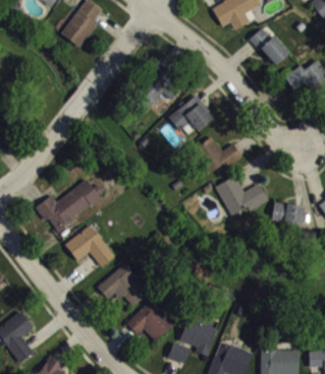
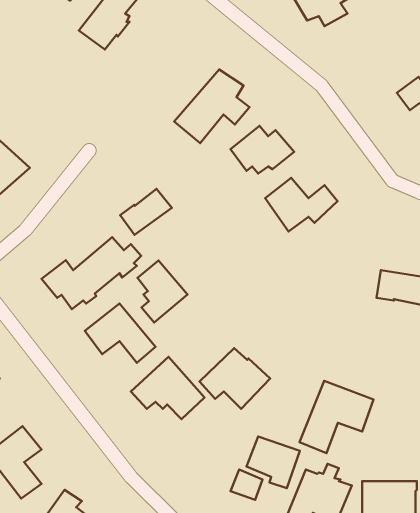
building: [249,28,288,64] -> none
building: none -> [120,189,172,235]
building: [215,174,270,216] -> none
building: none -> [138,261,188,322]
building: none -> [299,381,373,453]
building: [126,299,176,341] -> [199,348,270,409]

